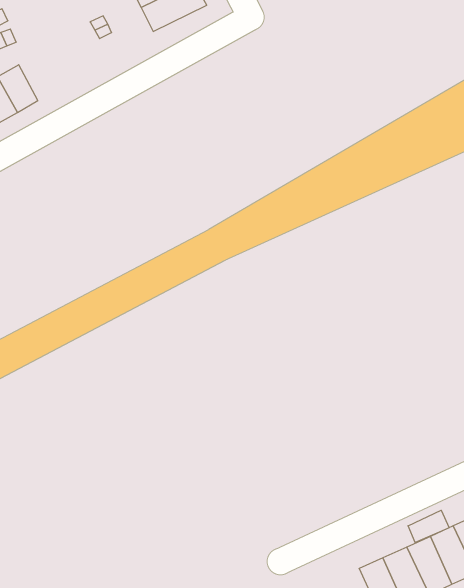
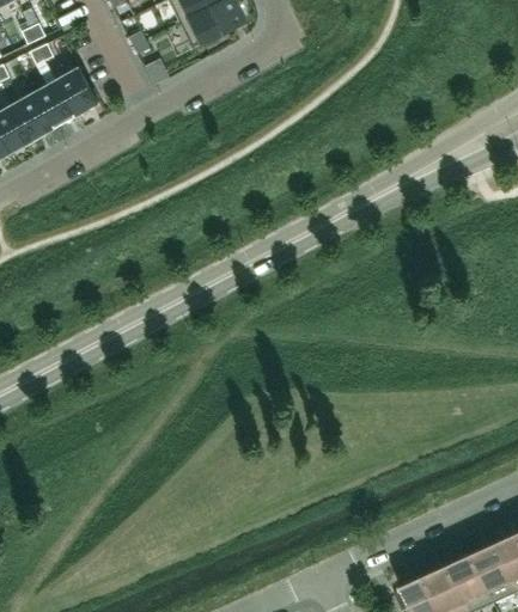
building: none -> [56,67,98,115]
building: [408,510,449,543] -> none

